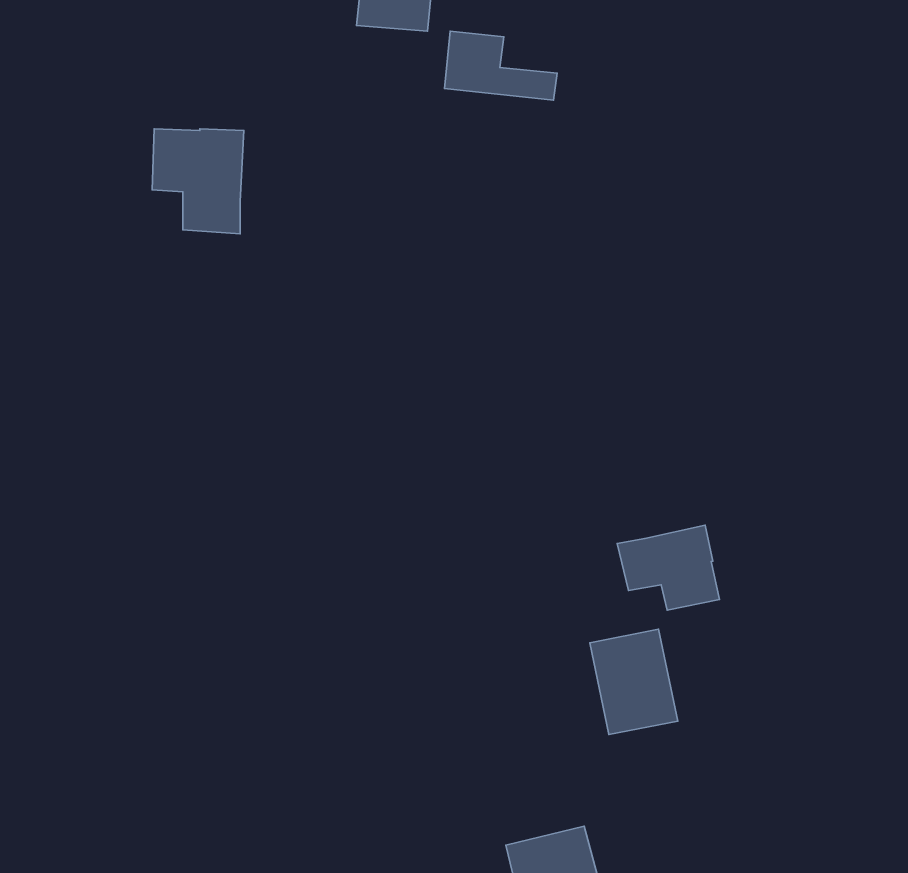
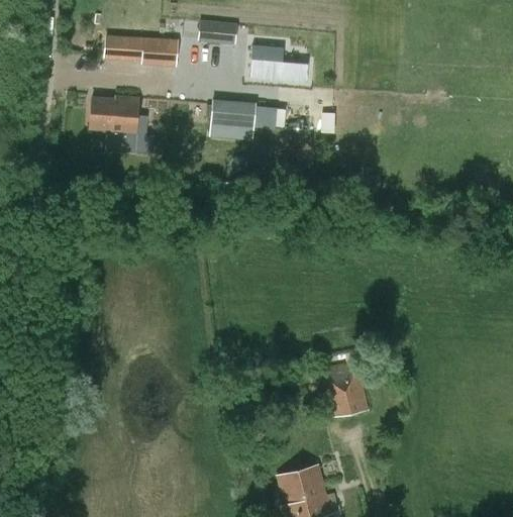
building: none -> [105,35,178,66]
building: none -> [211,98,280,139]
building: [617,525,719,610] -> none

